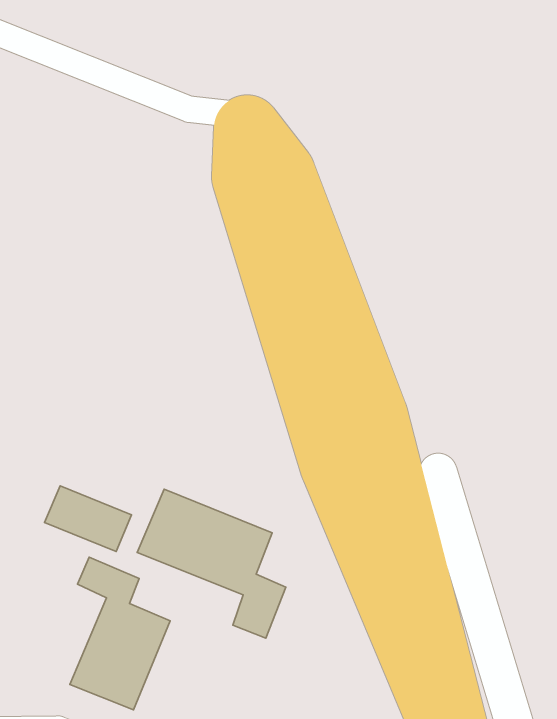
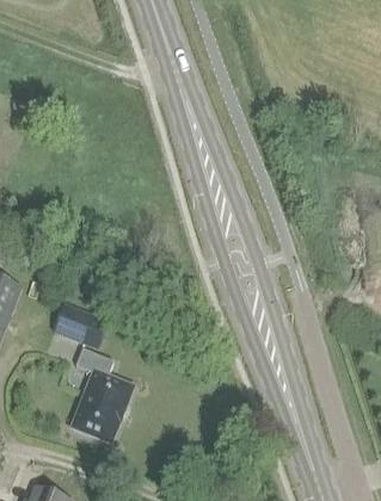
building: [137,489,286,638] -> none

